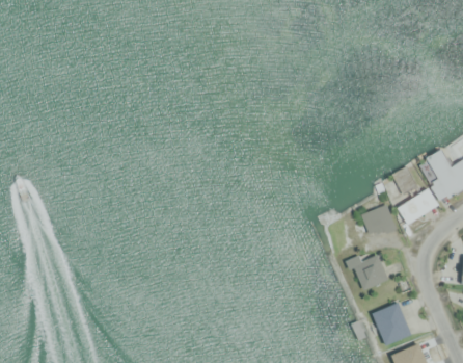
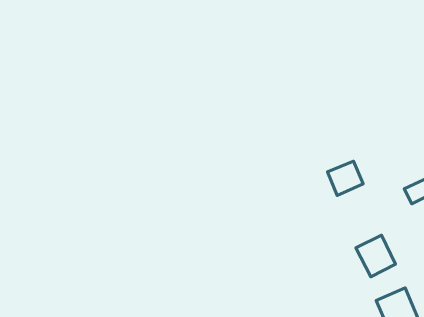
building: [362,205,397,238] -> [328,161,363,196]

